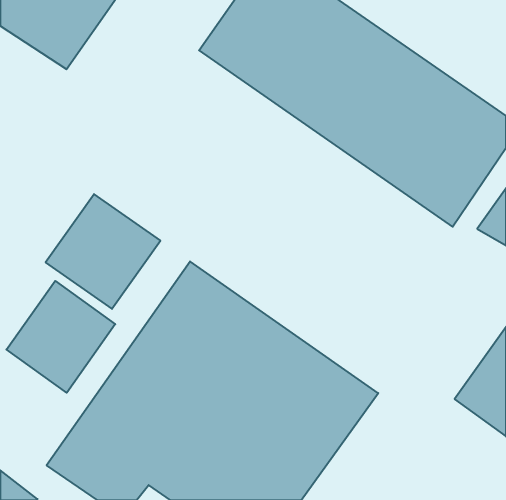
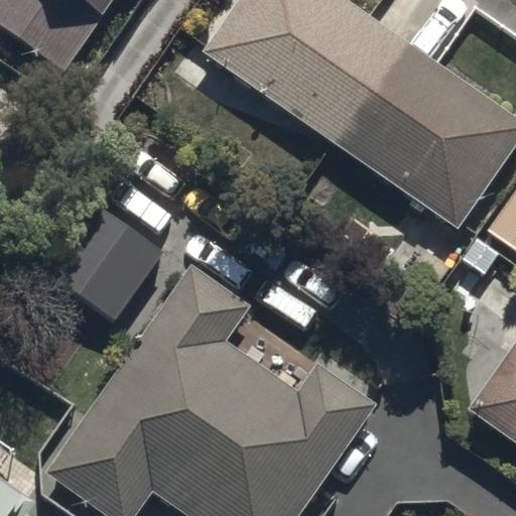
building: [6,281,115,393] -> none

